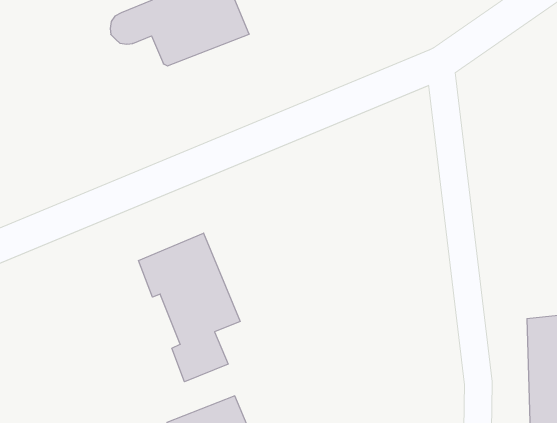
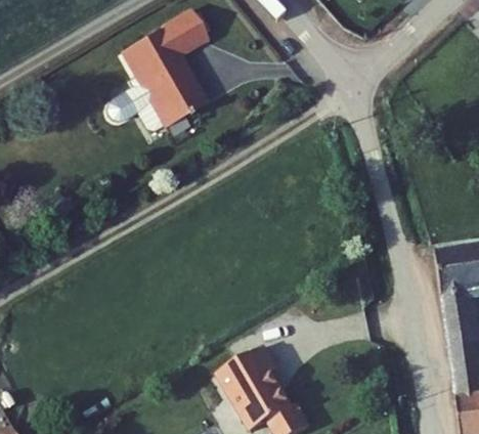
building: [138,233,240,382] -> none

